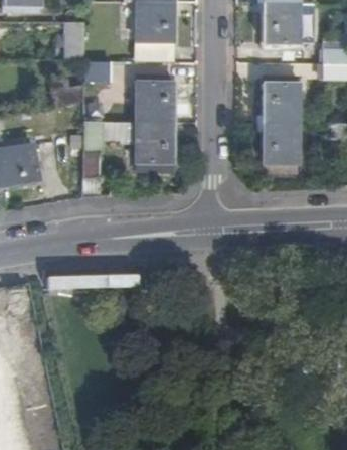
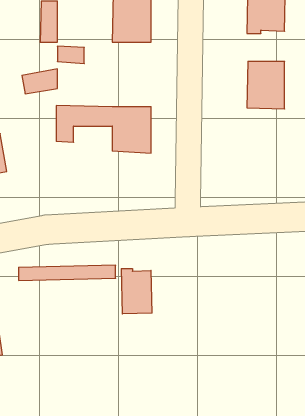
building: [137,74,173,121] -> none
building: [263,122,298,164] -> none
building: none -> [121,269,152,314]

